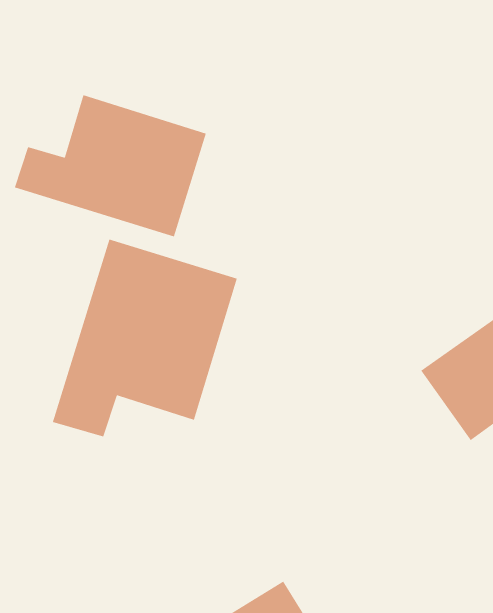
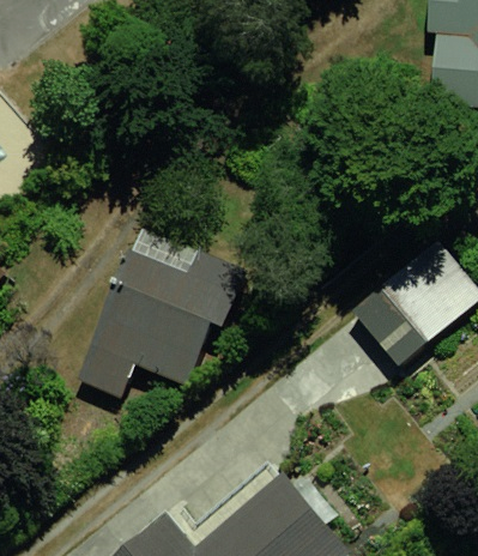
building: [14,94,207,237] -> none

